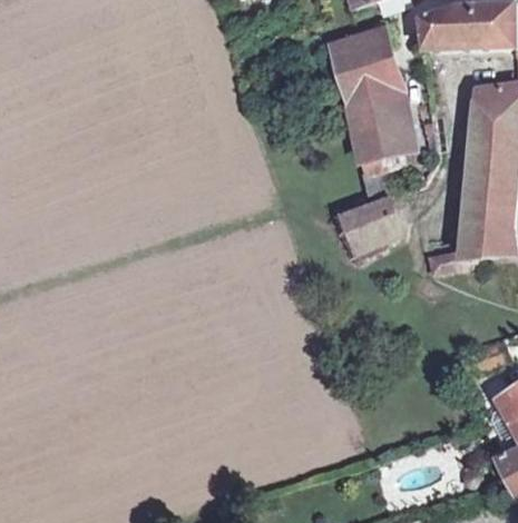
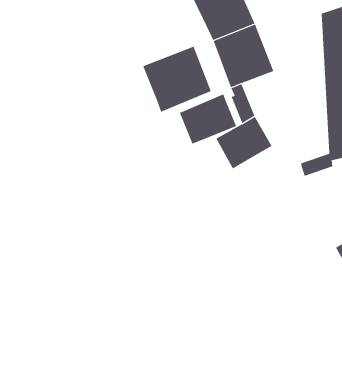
building: none -> [143,46,212,112]
building: none -> [179,94,237,145]

